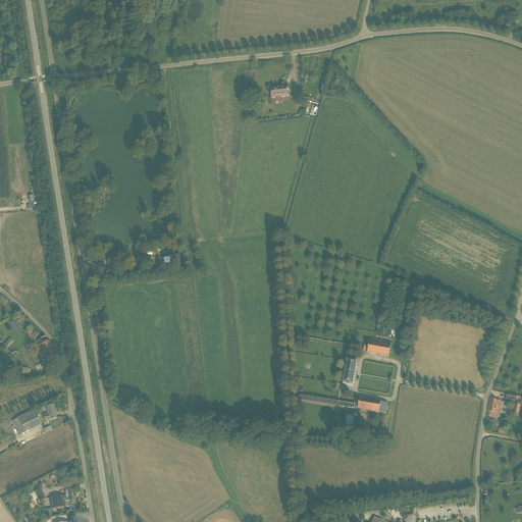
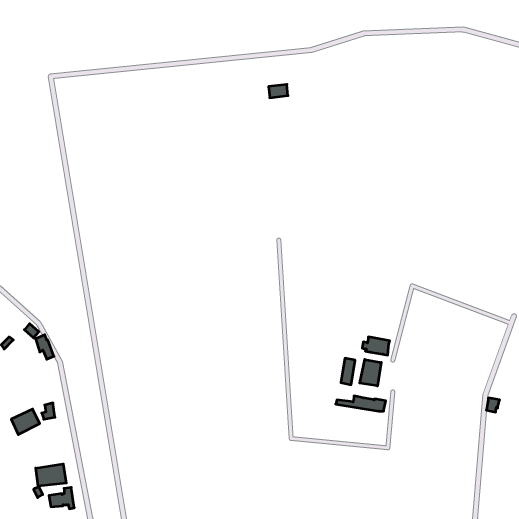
building: none -> [360,359,381,386]
building: none -> [36,464,66,486]

